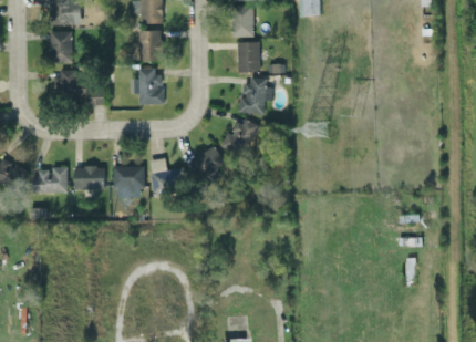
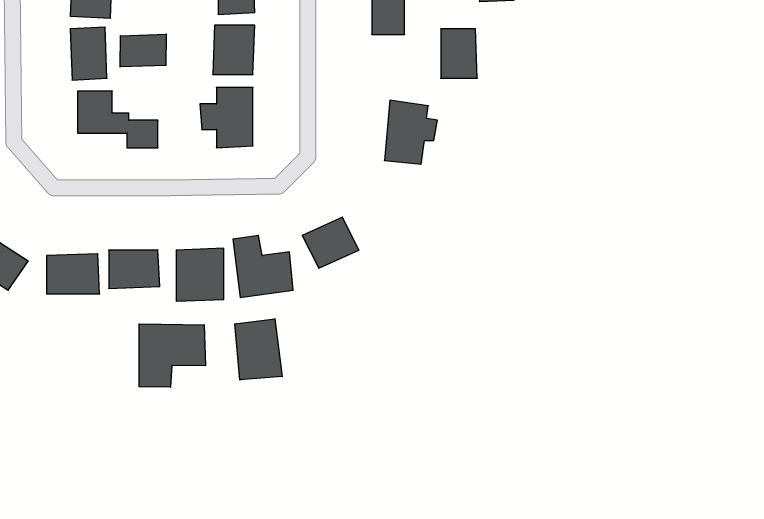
building: none -> [120,34,166,67]
building: [237,41,259,71] -> [441,29,477,78]
building: [221,115,258,157] -> none
building: none -> [235,319,282,380]
building: none -> [139,324,205,387]

